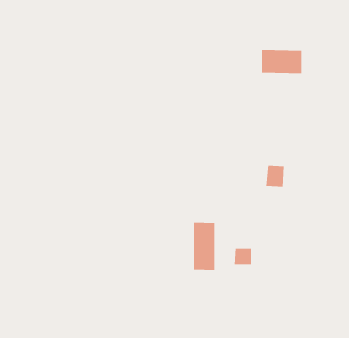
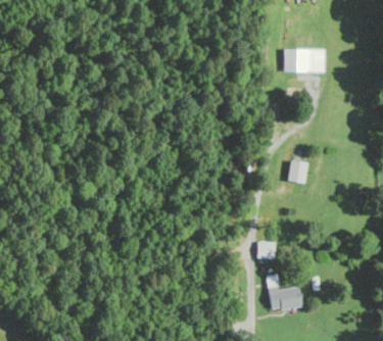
building: [193,222,215,271] -> none
building: none -> [267,275,301,311]

